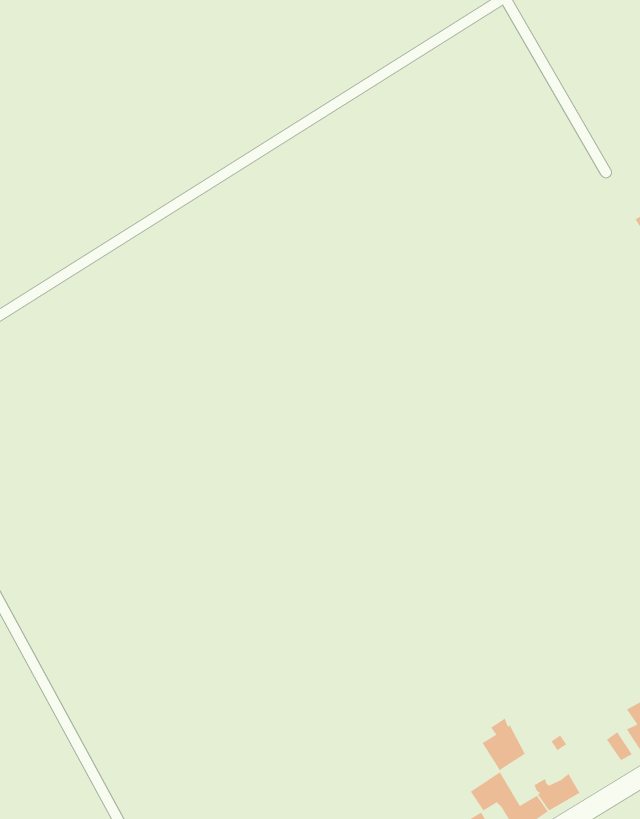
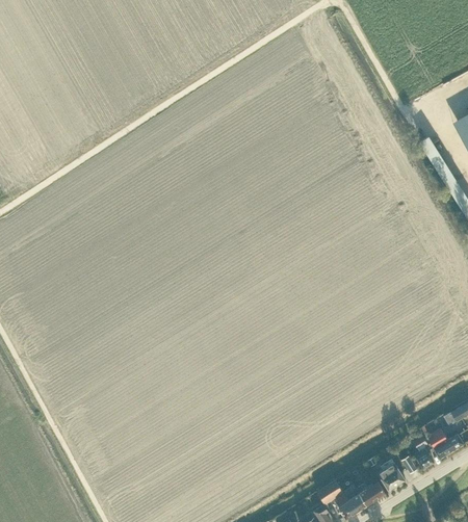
building: [482,718,527,771] -> [379,459,407,492]

